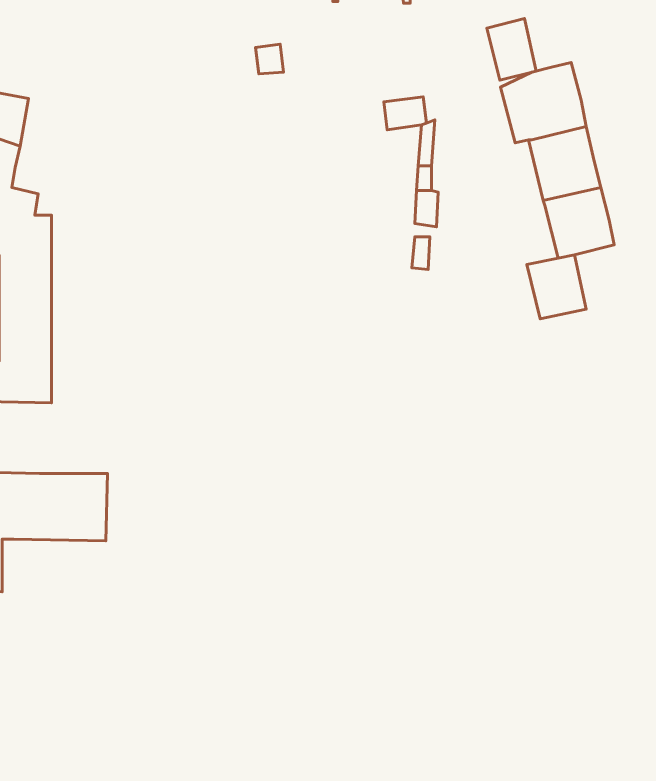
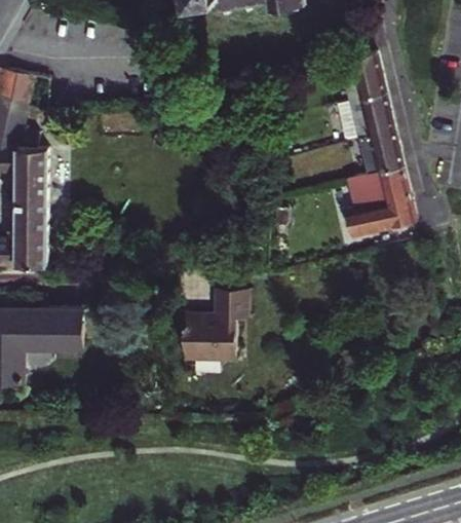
building: [487,18,536,80] -> none
building: none -> [345,166,413,239]
building: none -> [184,288,248,360]

